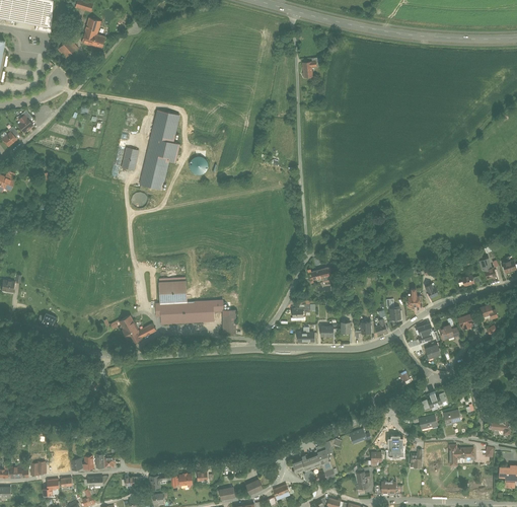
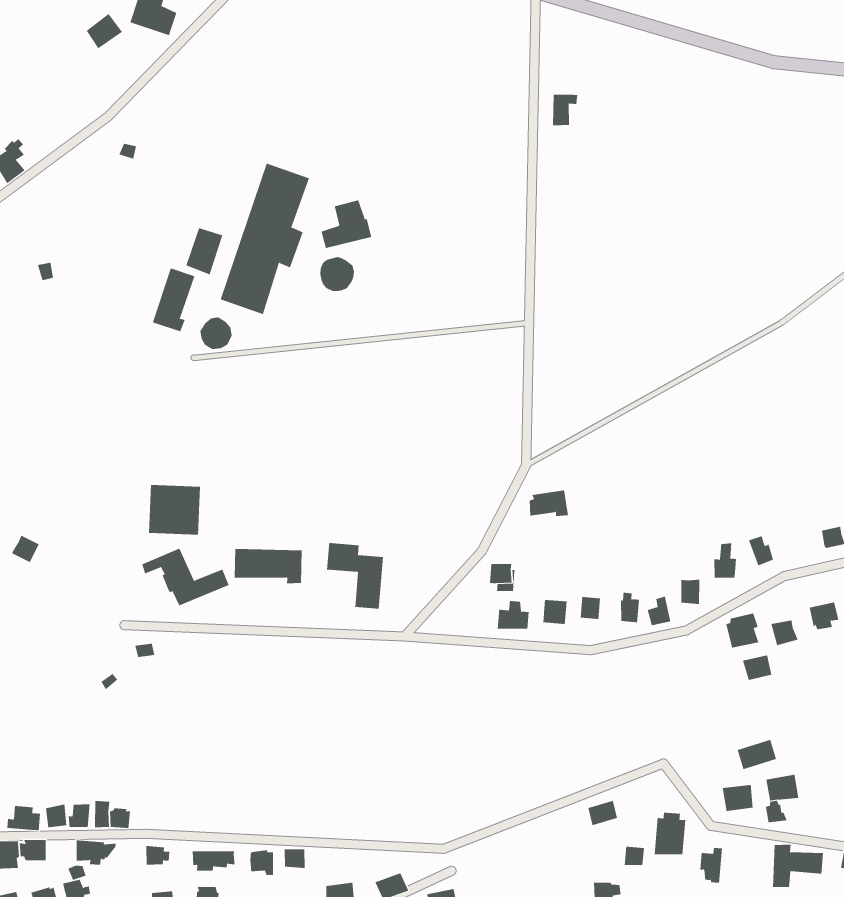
building: none -> [321,199,372,249]
building: none -> [152,267,195,332]
building: [158,281,186,307] -> [148,484,201,535]
building: [294,442,335,475] -> none

